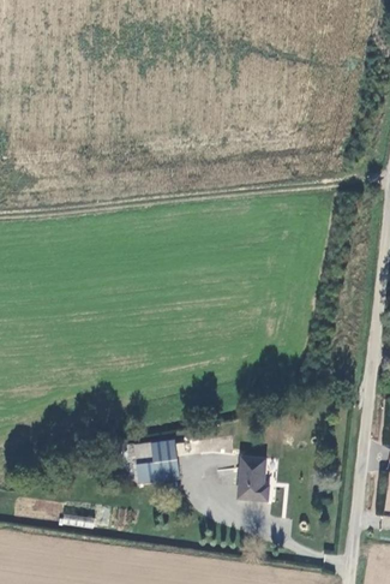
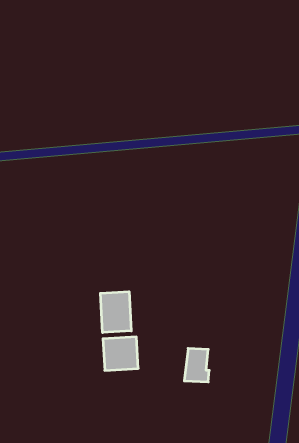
building: none -> [100,292,131,333]

